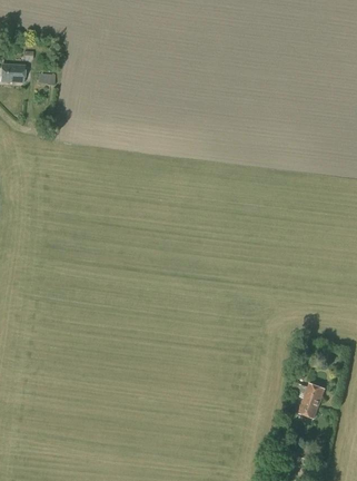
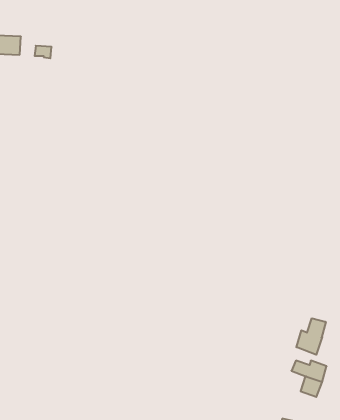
building: none -> [296,318,326,355]

